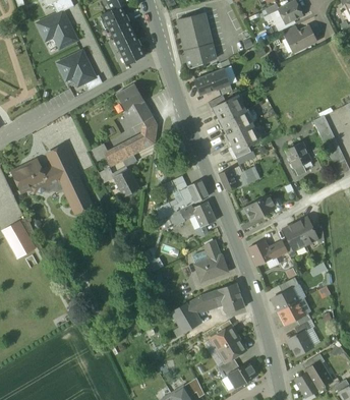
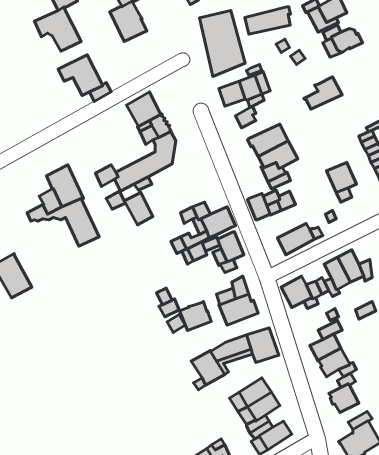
building: none -> [245,7,290,34]
building: [114,31,144,64] -> none
building: [214,95,246,122] -> [304,77,342,109]
building: [13,161,46,190] -> none
building: none -> [180,301,211,331]

